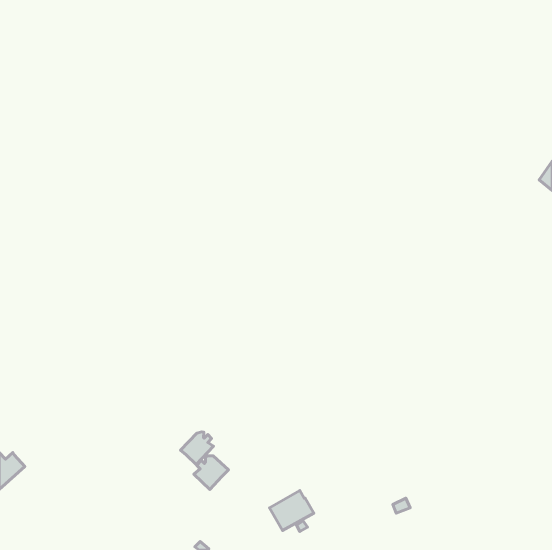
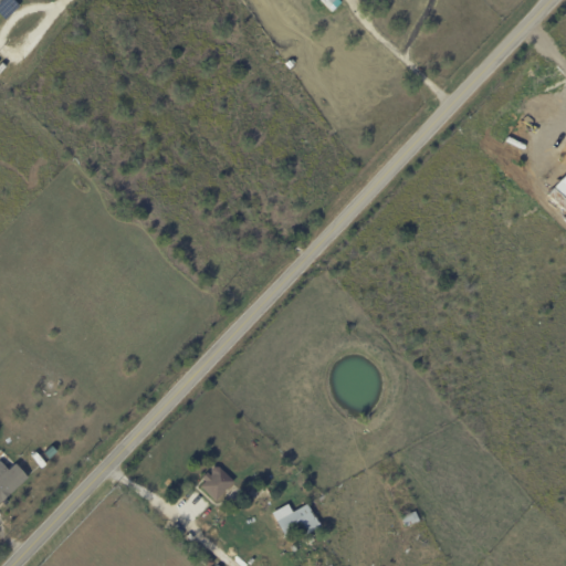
building: [181,432,214,465] -> none

